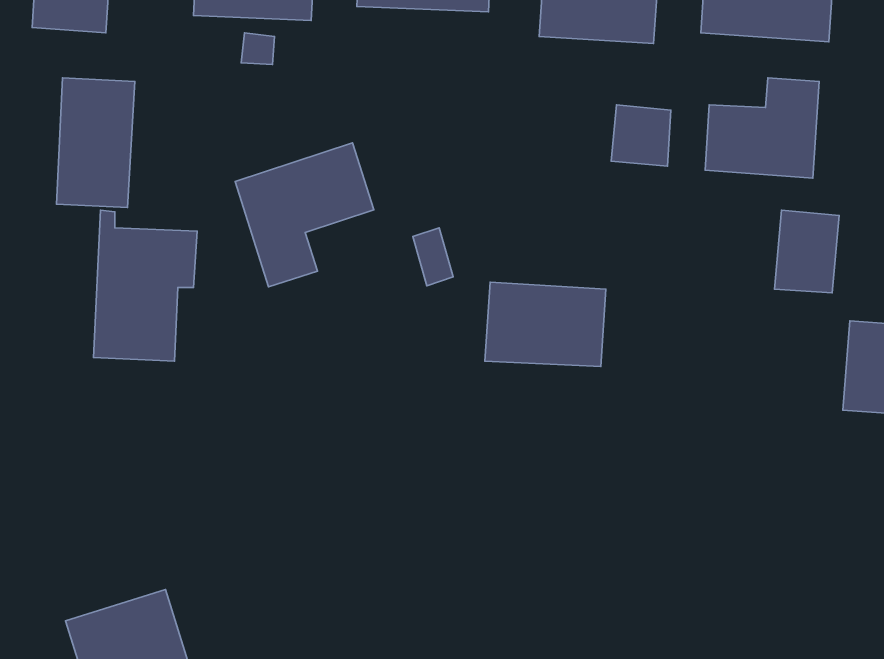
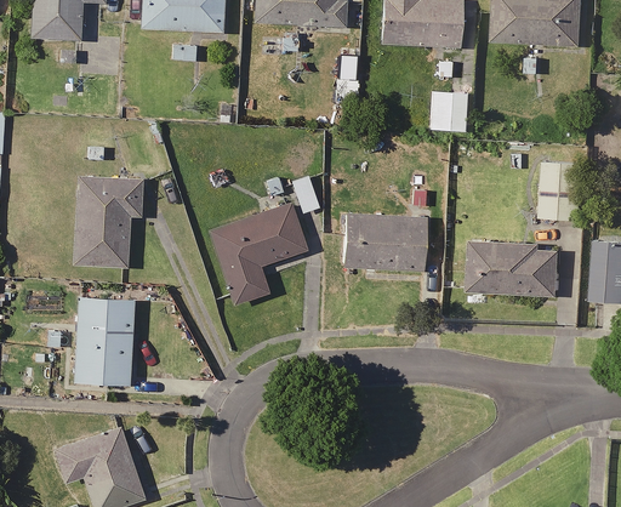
building: [57,78,135,208] -> none
building: [705,78,819,178] -> none
building: [235,143,374,287] -> [212,204,308,303]
building: none -> [468,240,560,297]
building: none -> [59,284,136,384]

